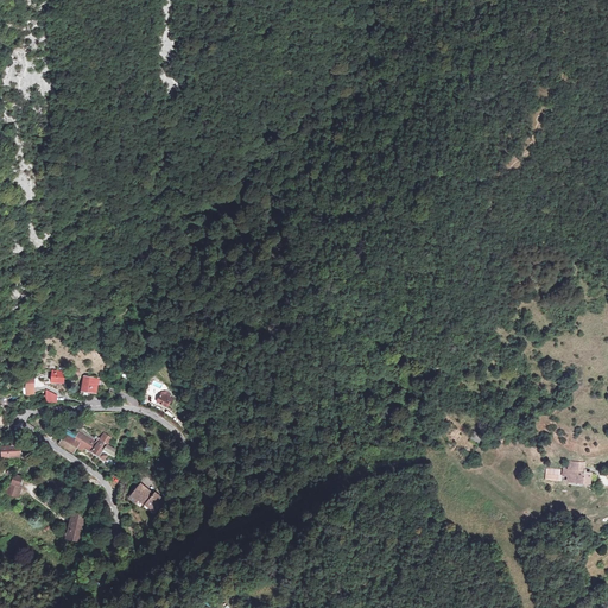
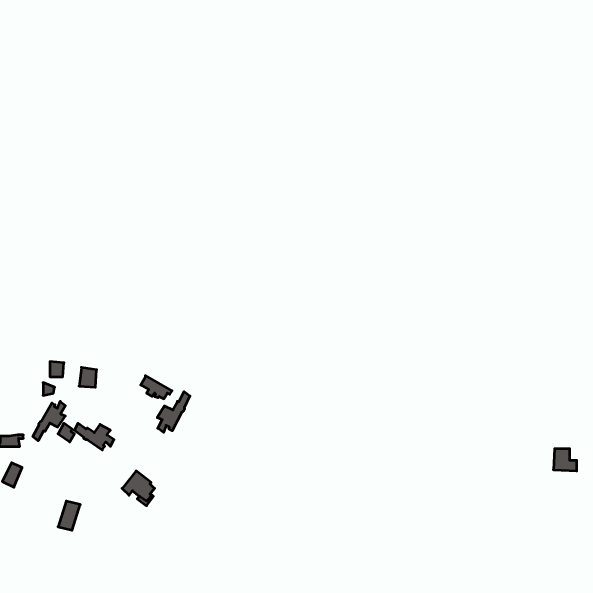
building: none -> [157,392,190,432]
building: none -> [33,401,65,441]

